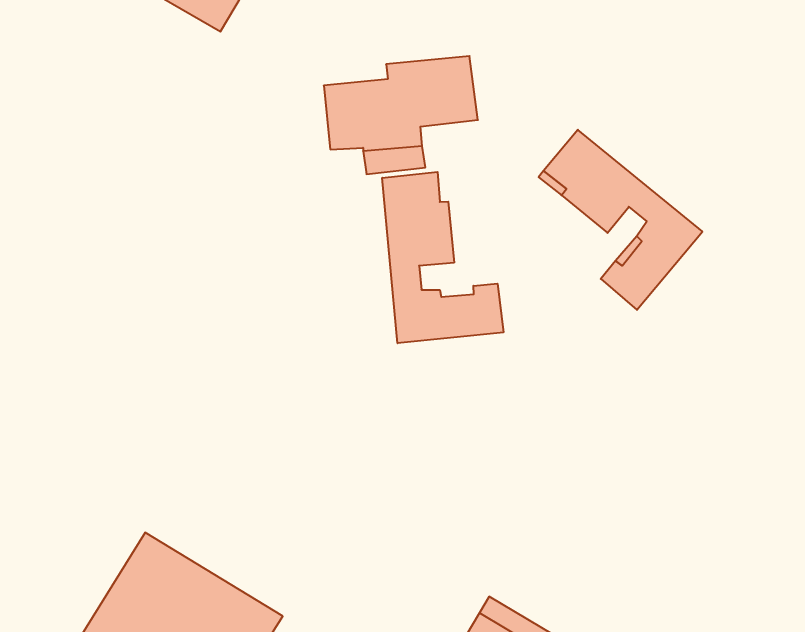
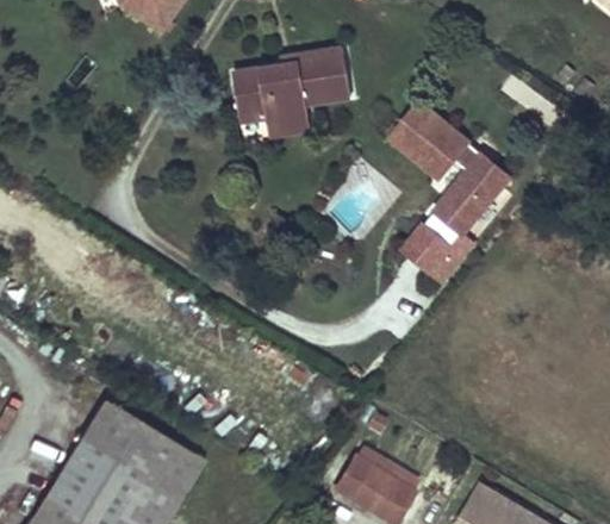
building: [382,172,503,343] -> none
building: none -> [406,226,454,273]

